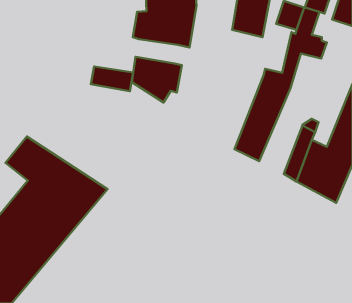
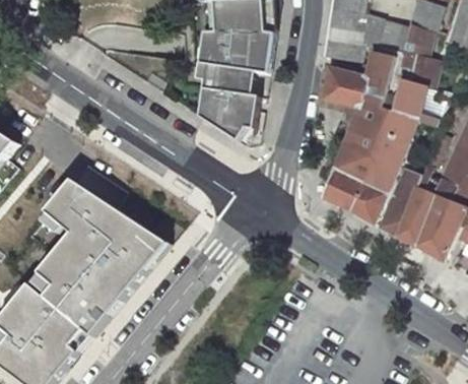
building: none -> [321,51,389,107]
building: none -> [350,80,445,221]
building: [91,66,133,91] -> [202,63,253,92]

